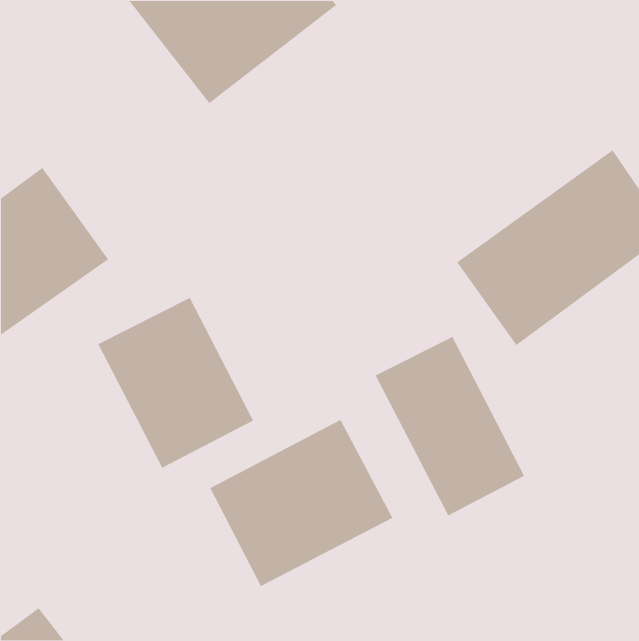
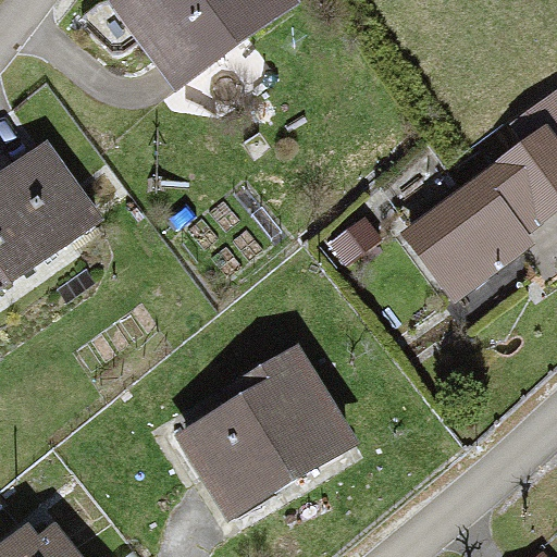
building: [97,297,254,469] -> none
building: [374,336,525,517] -> none

